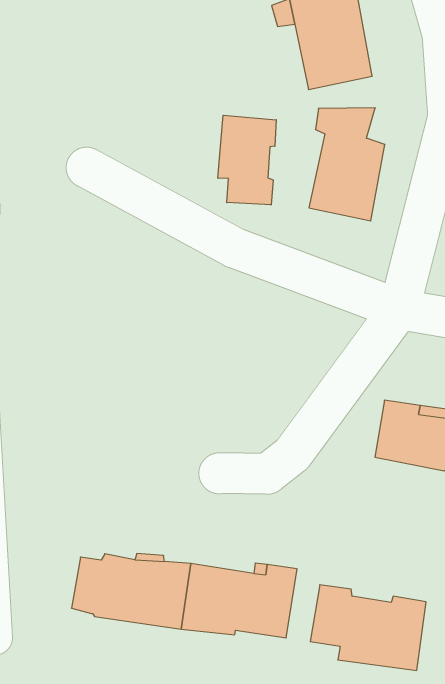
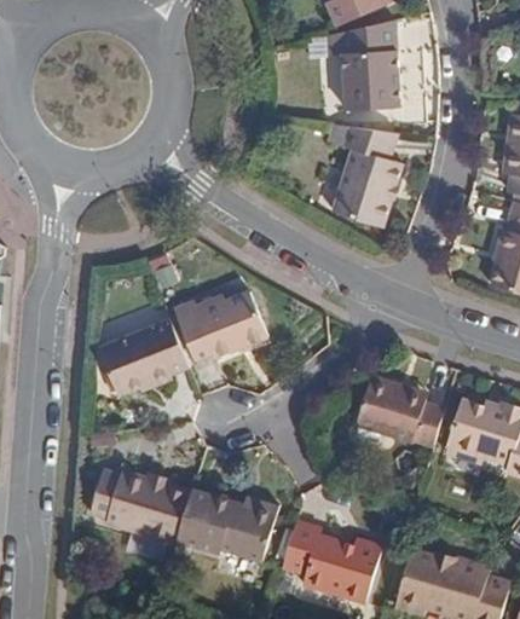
building: [218,115,276,205] -> none
building: none -> [180,299,272,365]
building: none -> [104,326,191,403]

